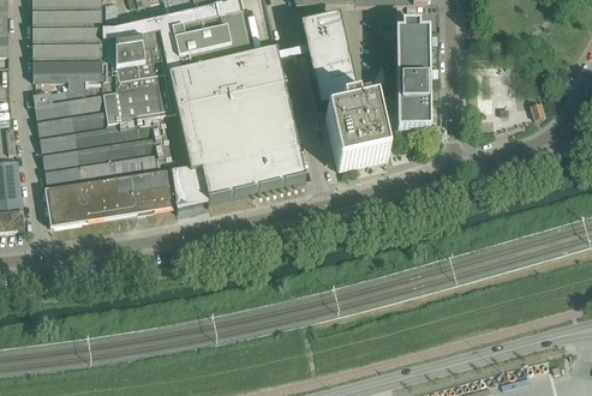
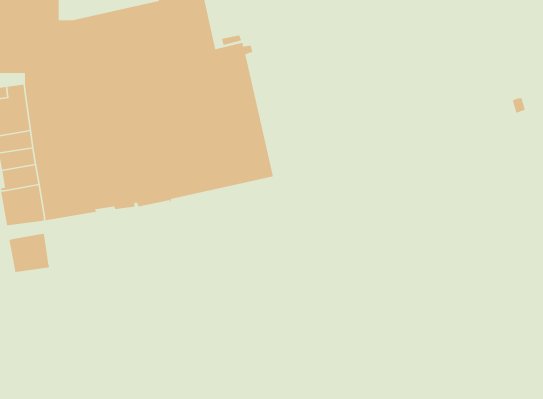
building: [276,14,388,169] -> none
building: [396,23,429,128] -> none
building: none -> [8,233,50,273]

